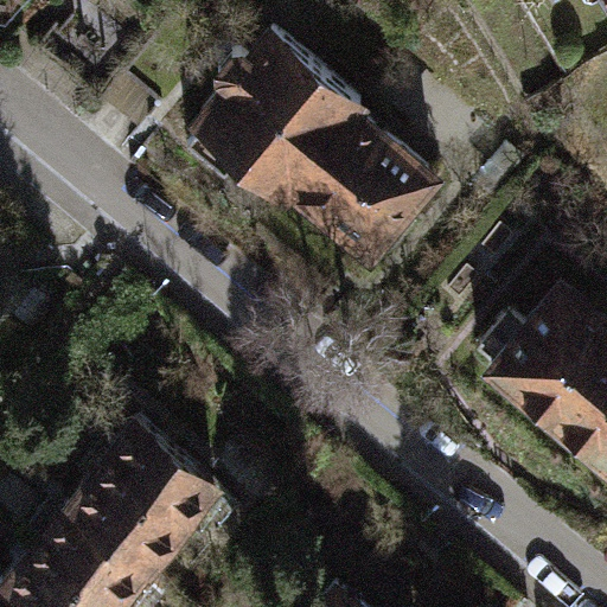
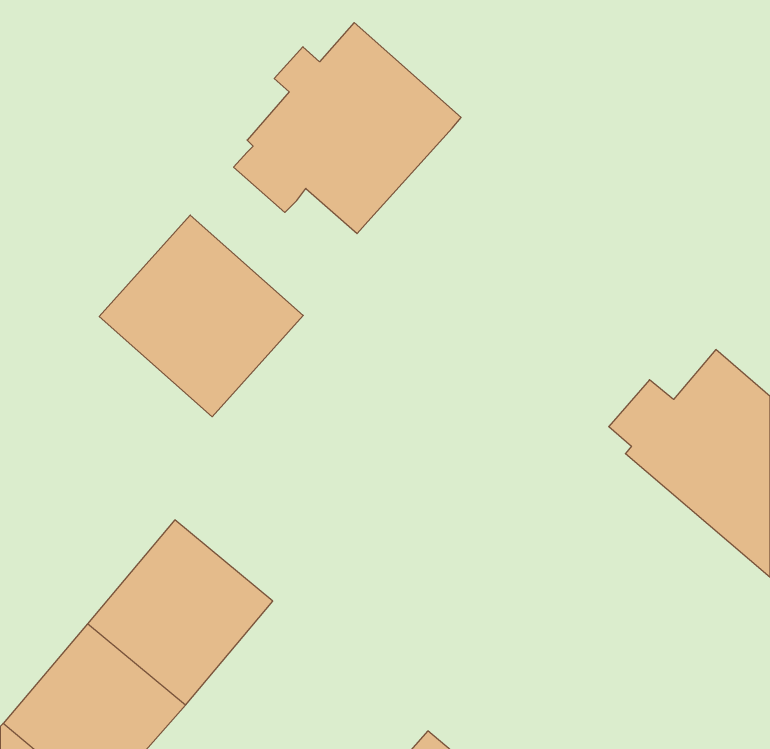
building: [289,117,432,260] -> none
building: none -> [99,215,303,417]

